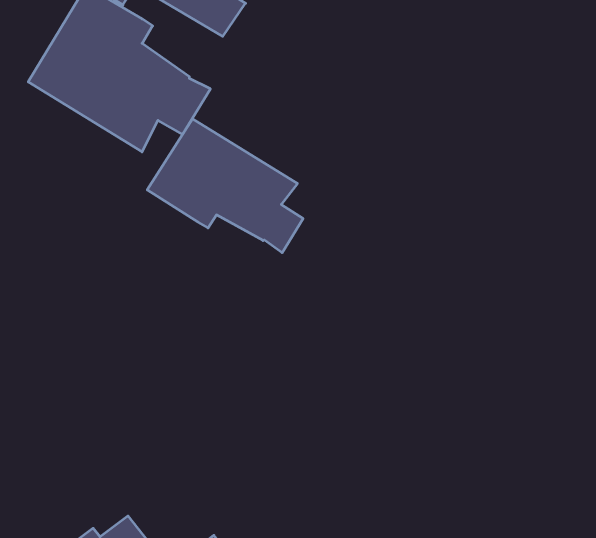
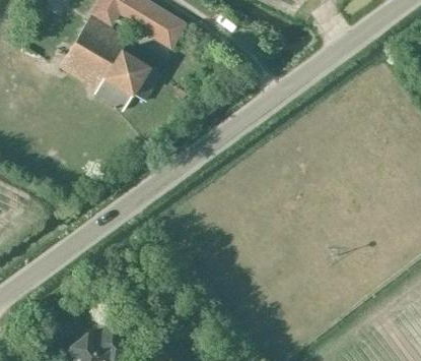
building: [147,119,303,253] -> none

